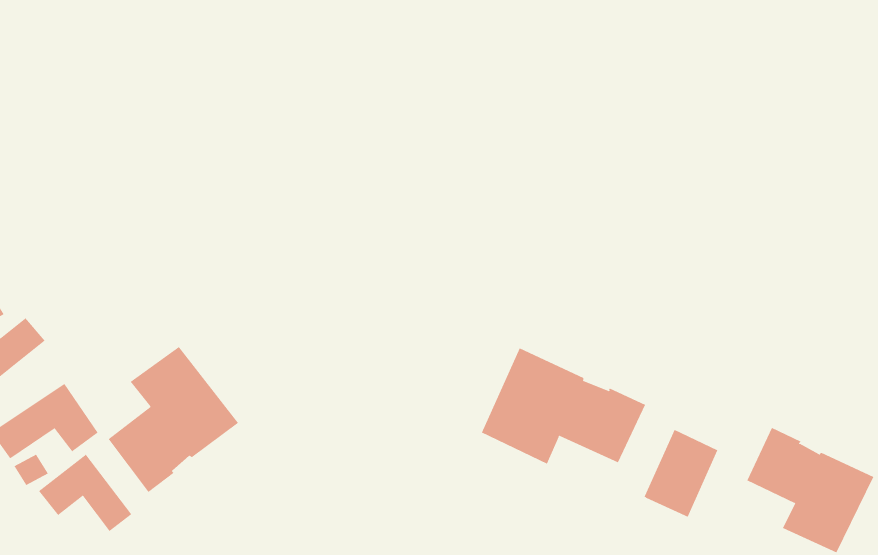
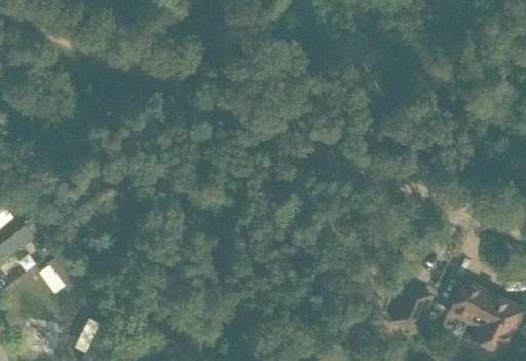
building: [108,346,239,493] -> none
building: [481,347,646,464] -> none

